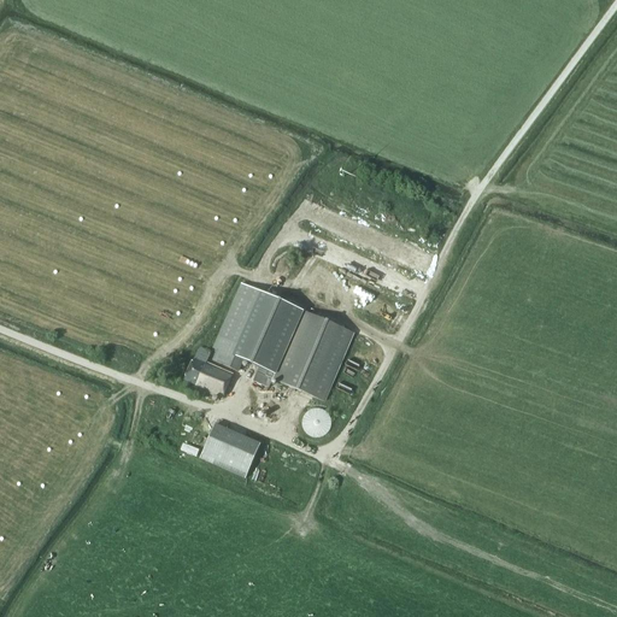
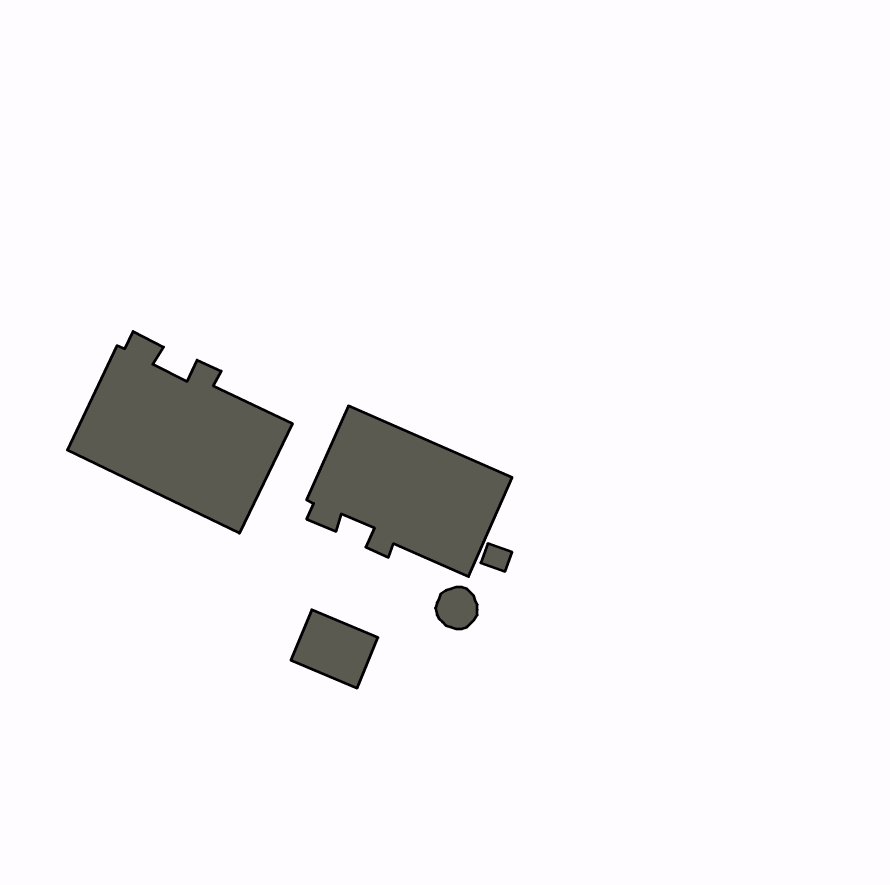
building: none -> [67,331,292,533]
building: [183,353,233,396] -> none

